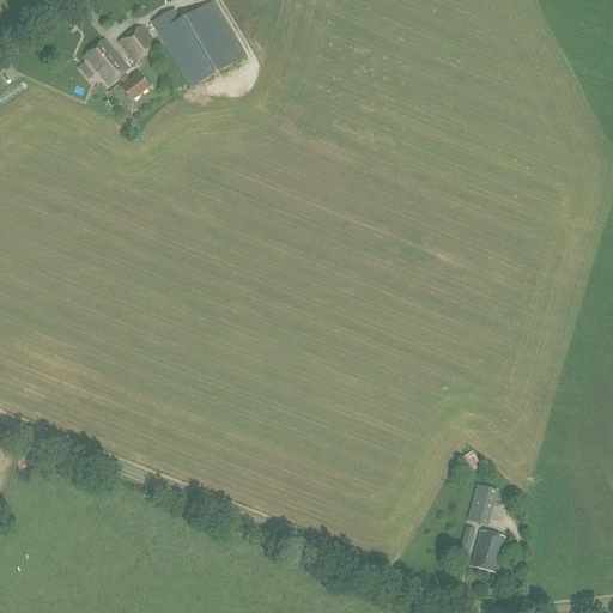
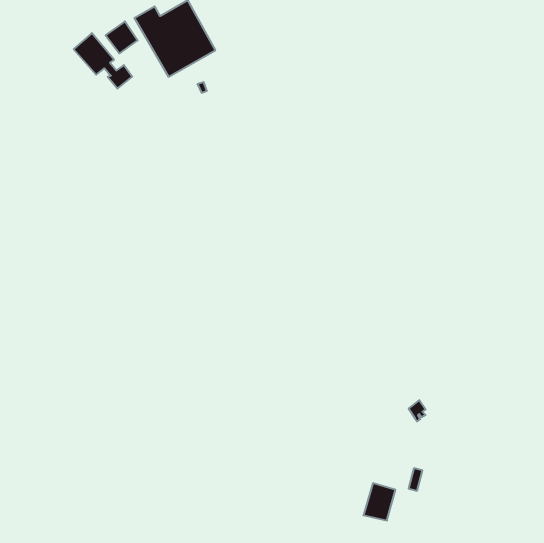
building: [466,484,497,524] -> none
building: [469,529,505,571] -> [363,483,395,521]

